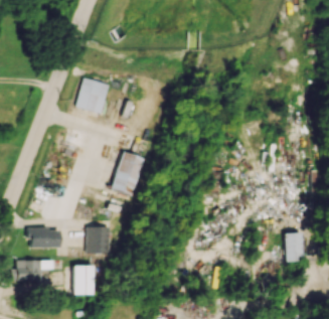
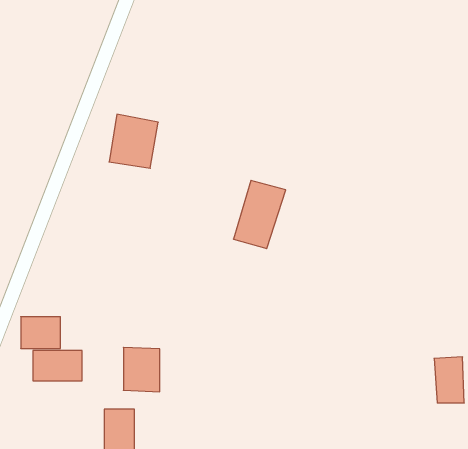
building: [112,152,145,195] -> [233,180,286,249]
building: [17,261,42,281] -> [21,317,60,348]

